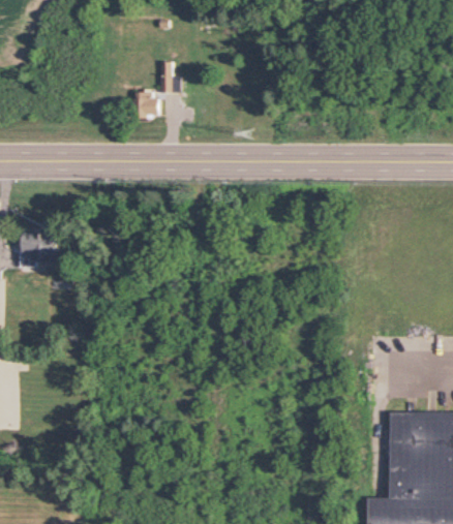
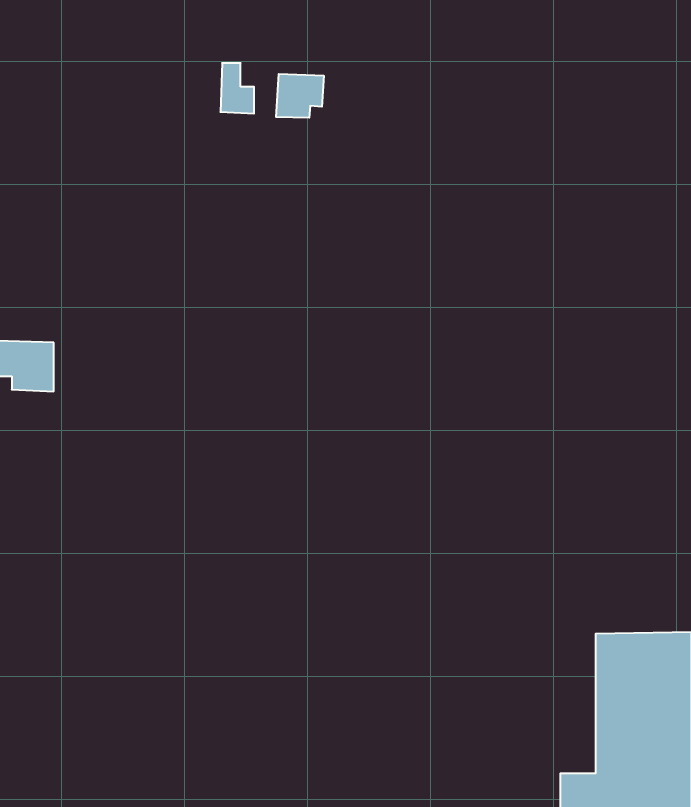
building: none -> [276,74,324,118]
building: [134,92,160,119] -> none

